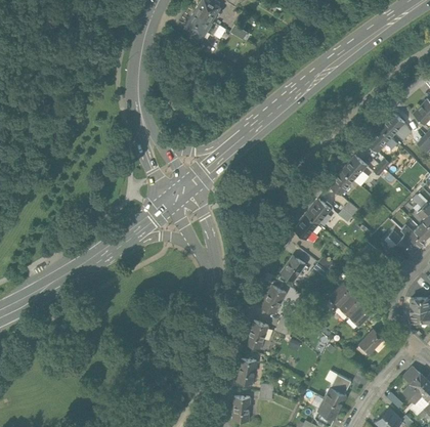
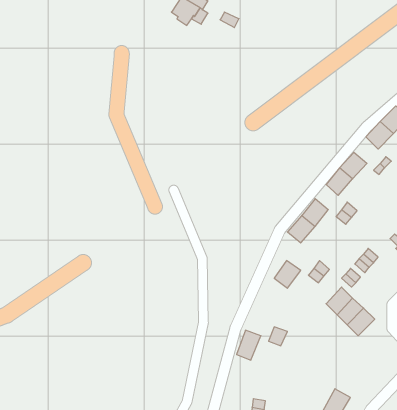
building: [261,285,286,313] -> none
building: [358,329,386,354] -> none
building: [236,357,256,385] -> none

